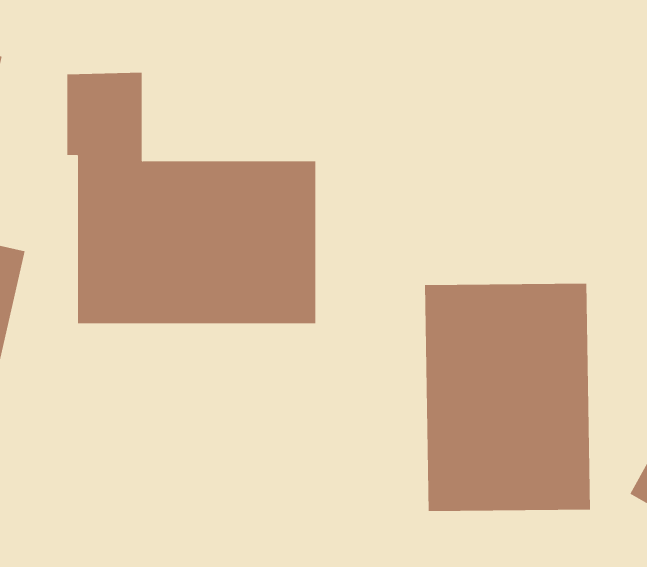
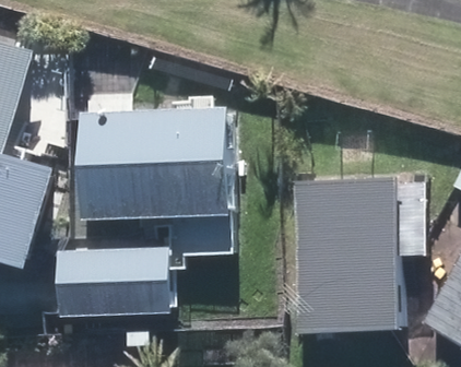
building: none -> [56,252,179,316]

